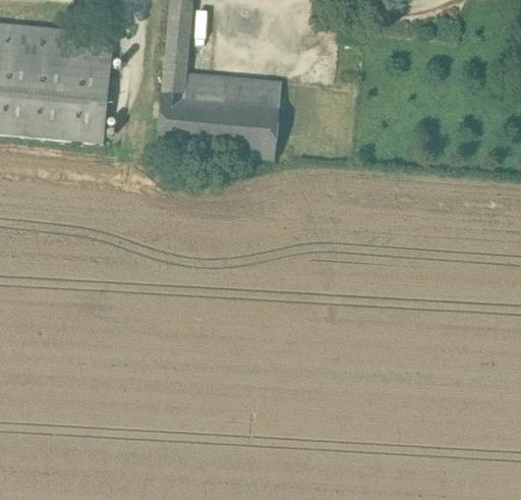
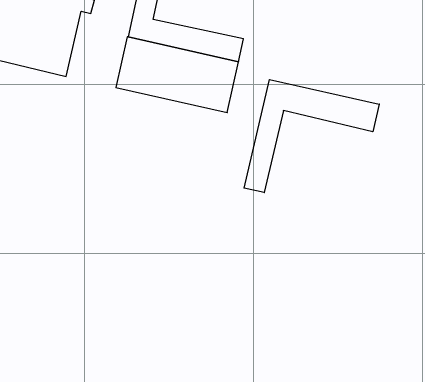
building: none -> [244,80,379,193]

